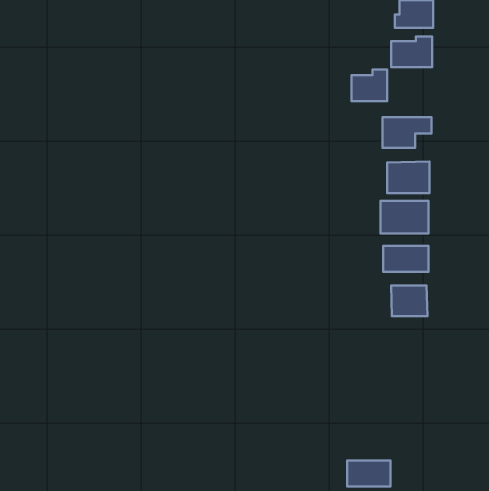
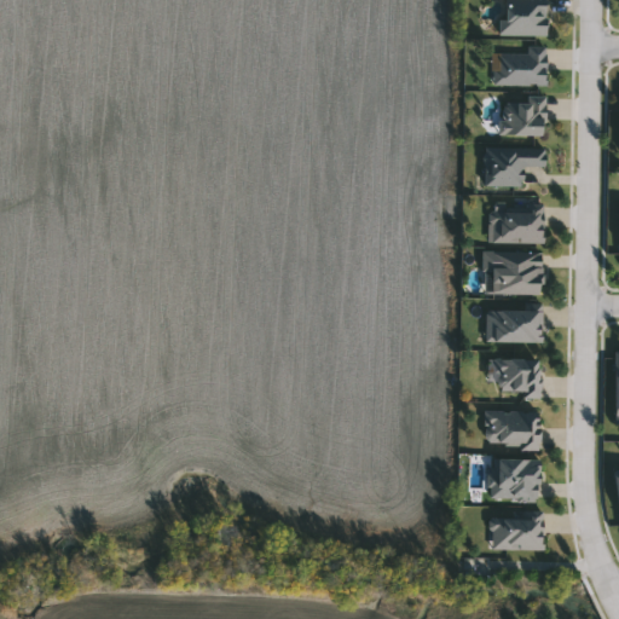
building: [352,69,387,101] -> [501,96,545,135]
building: none -> [484,411,539,447]
building: none -> [491,457,538,499]
building: [347,461,390,486] -> [488,516,543,549]

